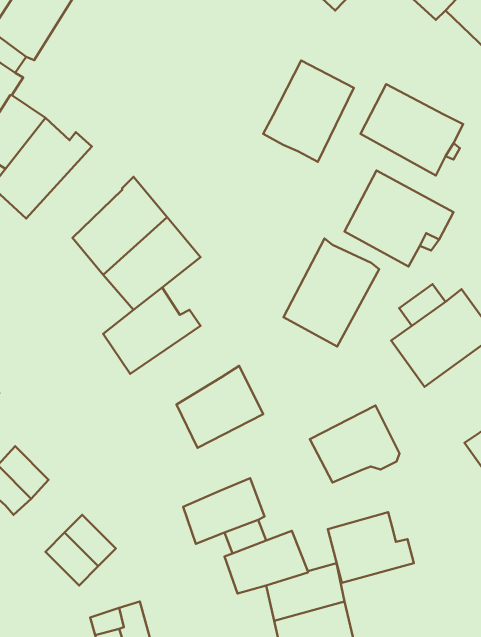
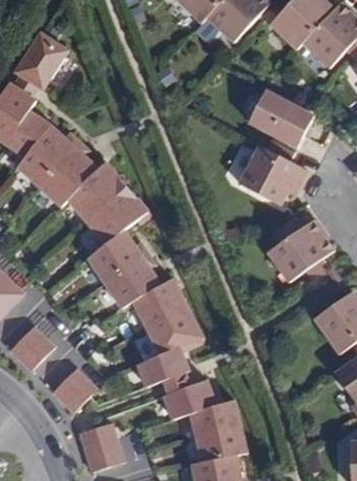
building: [263,60,354,162] -> none
building: none -> [38,135,99,201]
building: [283,239,379,346] -> none
building: none -> [104,248,162,305]
building: [310,406,400,482] -> [147,304,203,352]
building: [328,512,414,583] -> none

